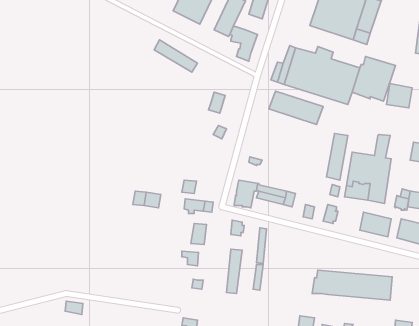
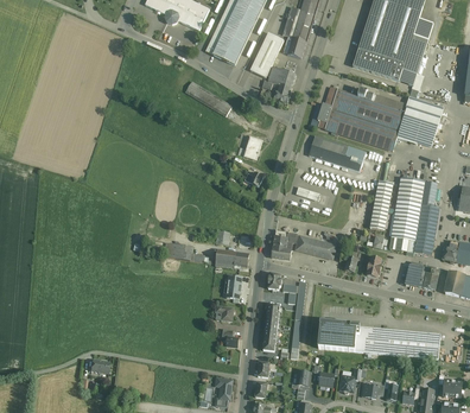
building: [387,83,412,108] -> [398,178,425,204]
building: none -> [318,323,361,351]

